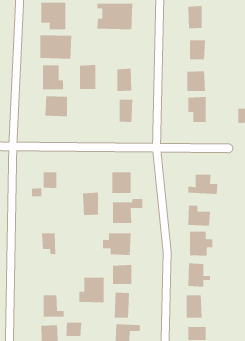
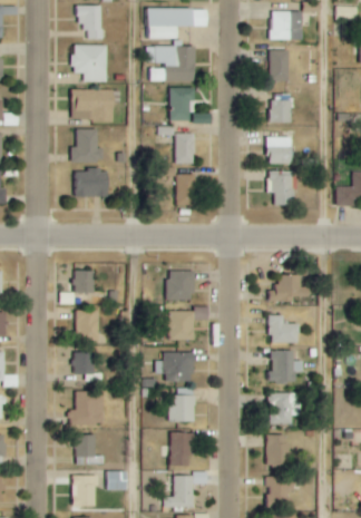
building: [79,65,96,90] -> [170,87,193,120]
building: [82,192,99,216] -> [76,310,98,341]
building: [79,277,105,303] -> [69,391,104,426]

